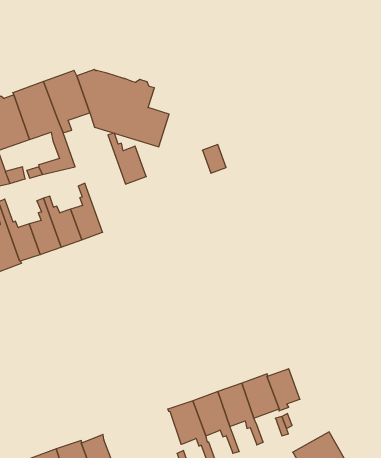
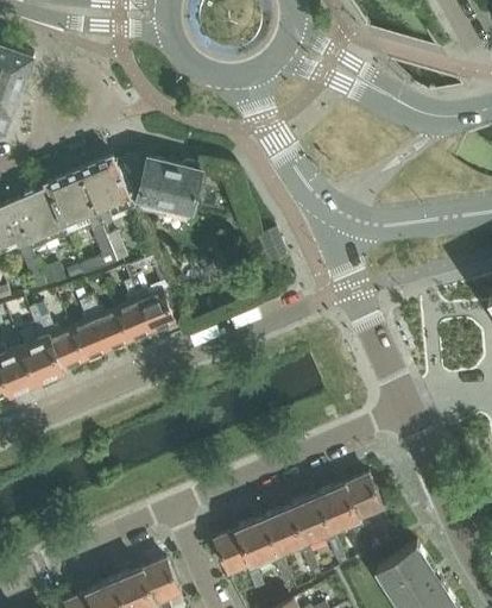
building: [108,133,146,184] -> [131,278,176,334]
building: none -> [215,529,254,572]

